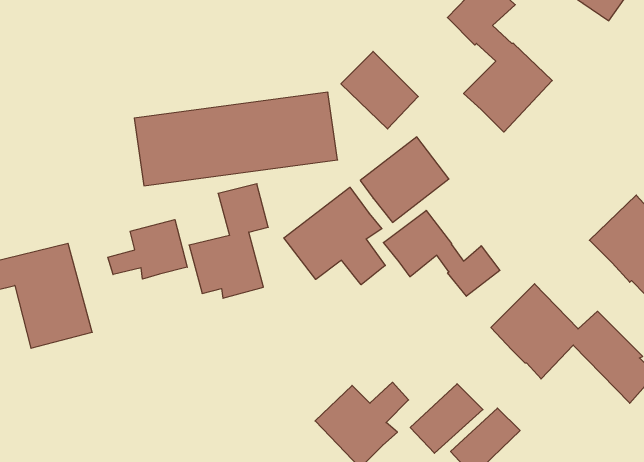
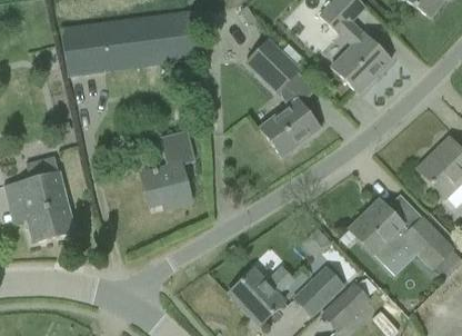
building: [134,92,338,186] -> [60,9,200,73]
building: [284,187,385,285] -> none
building: [383,210,500,296] -> none
building: [108,220,187,279] -> none

